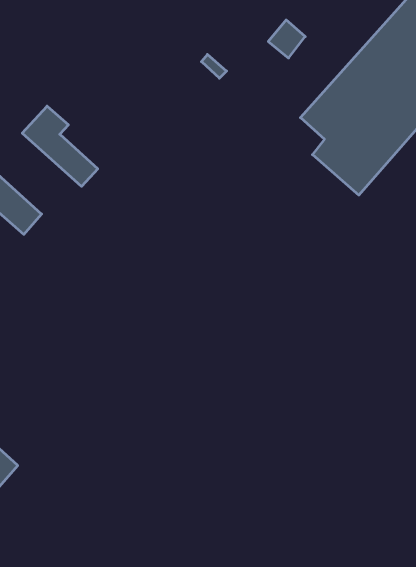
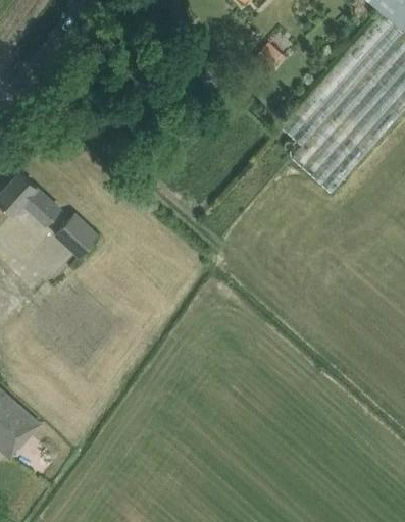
building: [22,106,98,186] -> none
building: none -> [54,213,100,259]

